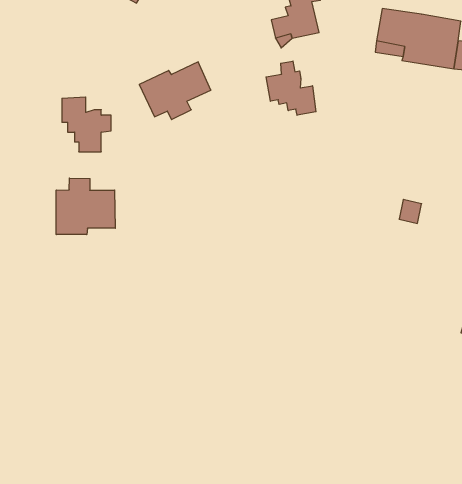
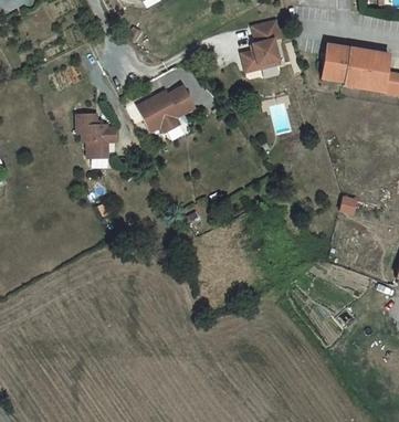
building: [266,61,316,115] -> none
building: [56,178,115,235] -> none

